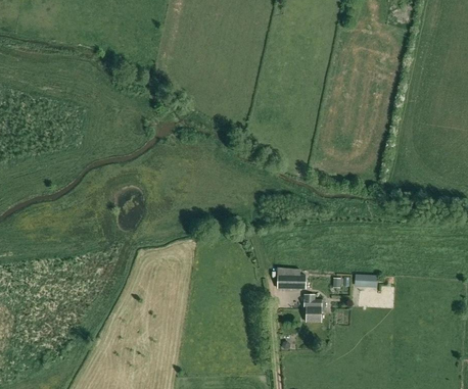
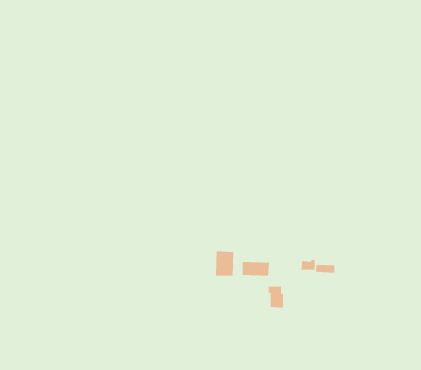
building: none -> [215,250,234,276]

